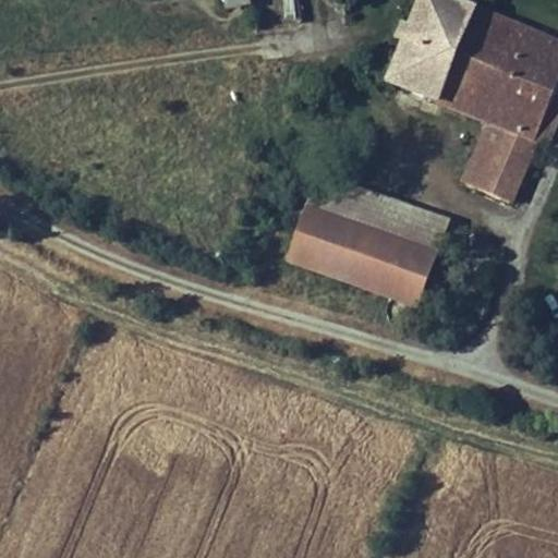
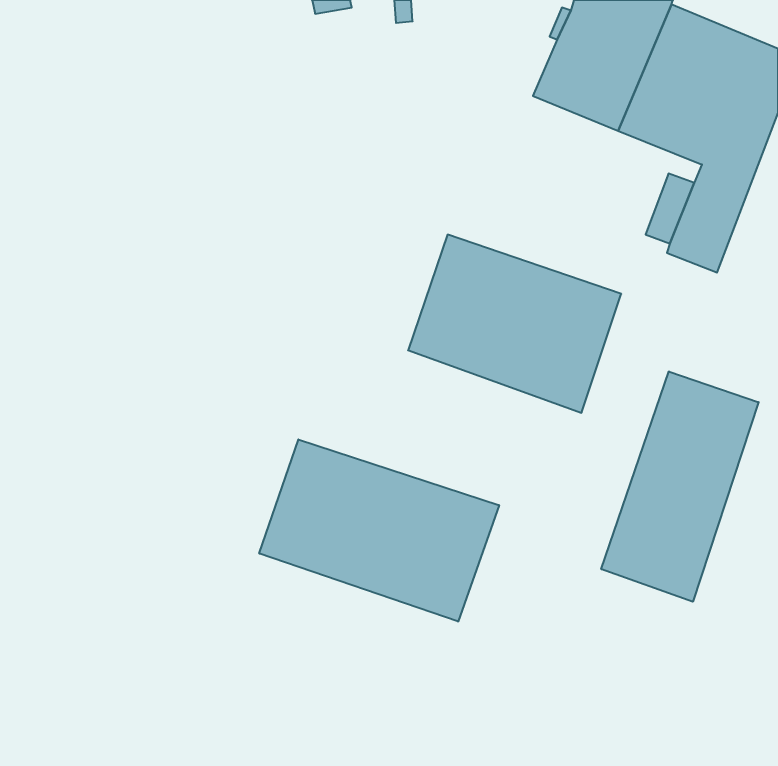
building: none -> [601,371,759,602]
building: none -> [259,439,499,622]

